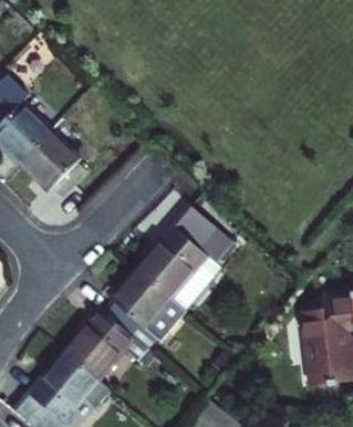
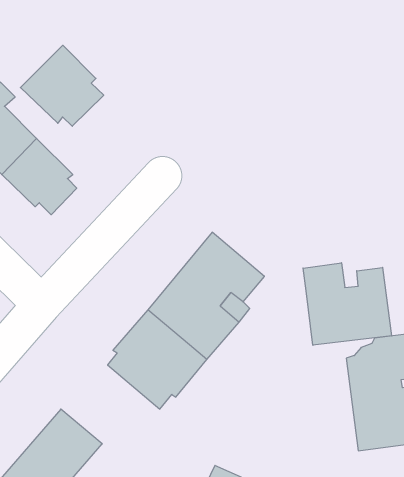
building: none -> [20,45,104,126]
building: none -> [303,263,392,345]
building: [64,311,146,379] -> none

